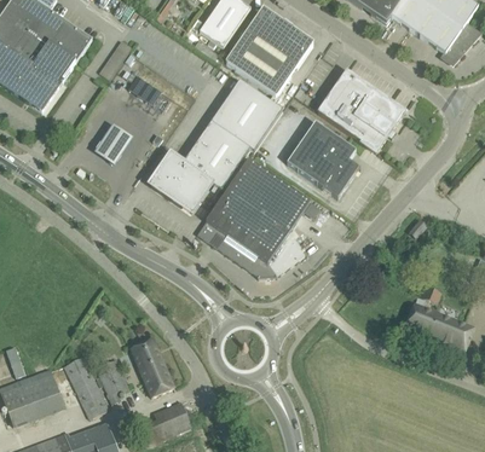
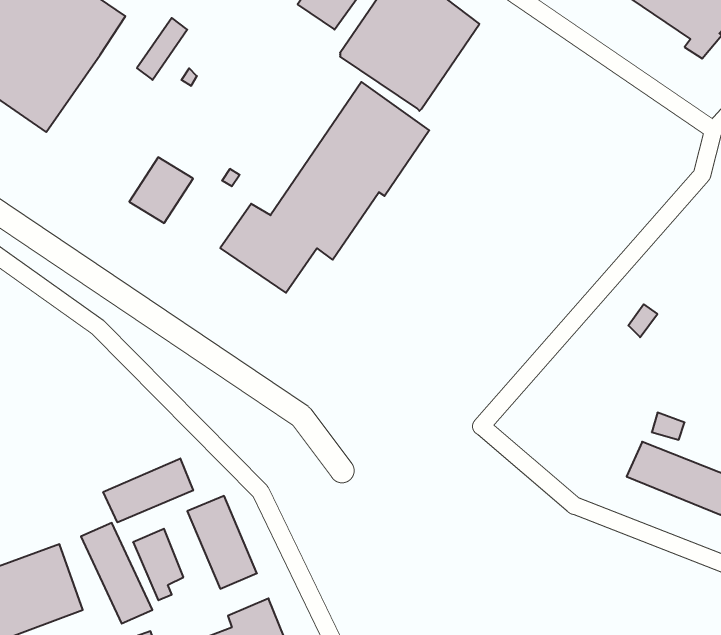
building: [316,71,403,151] -> none
building: [285,121,359,197] -> none
building: [196,158,310,277] -> none
building: none -> [103,458,193,522]

